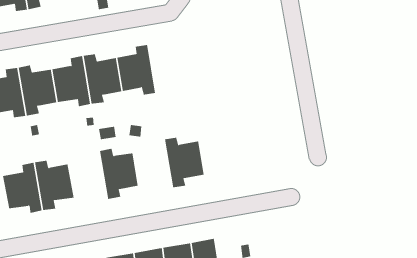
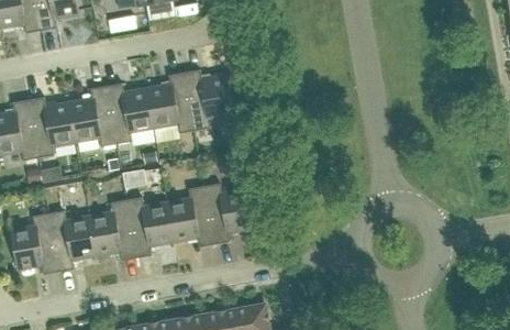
building: none -> [184,68,232,130]
building: none -> [166,185,213,246]
building: none -> [88,199,135,260]

